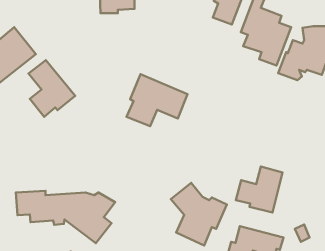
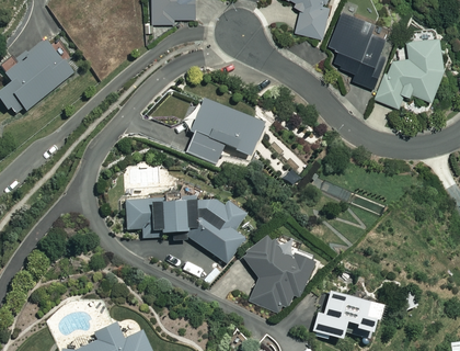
building: [29,60,75,117] -> none
building: [236,166,283,213] -> none
building: [16,191,115,243] -> [125,197,250,263]

